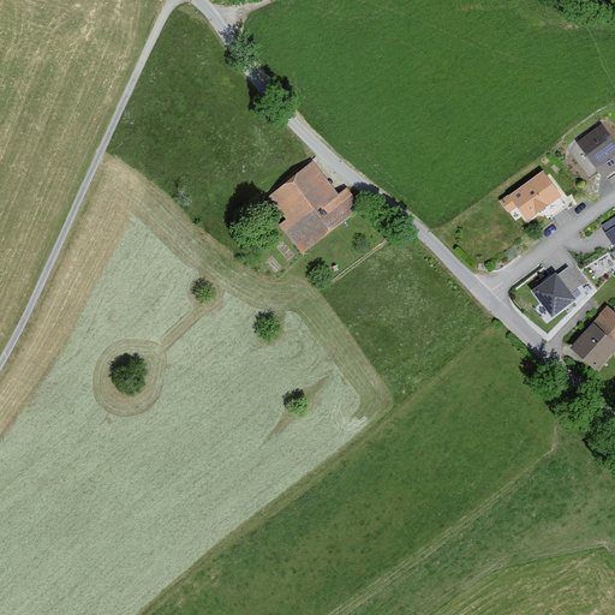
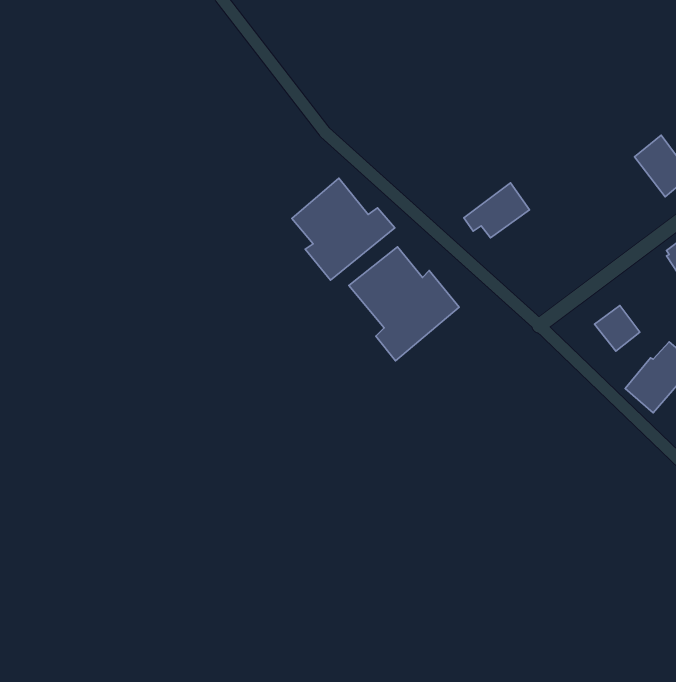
building: [500,169,559,219] -> [464,183,529,238]
building: none -> [349,247,459,361]

